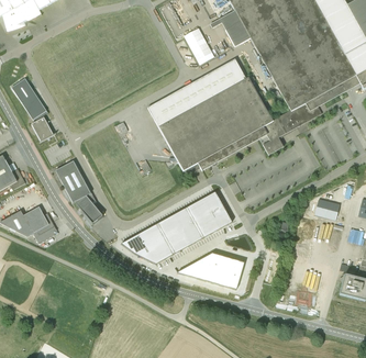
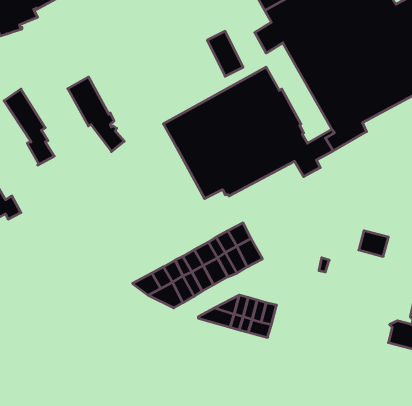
building: [55,160,103,224] -> [68,77,124,152]
building: [19,205,57,243] -> none

